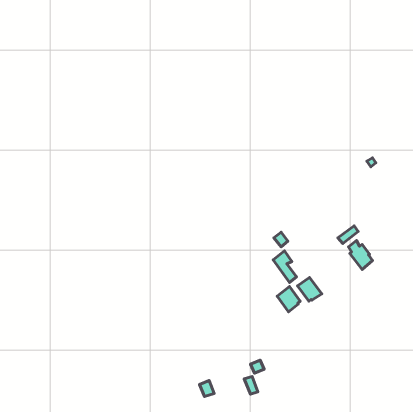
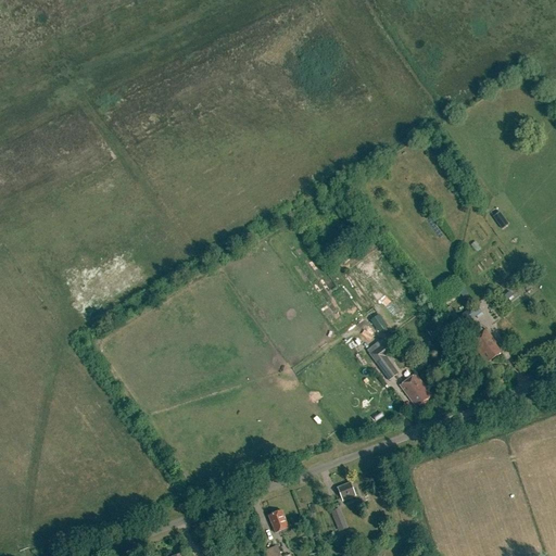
building: [277,287,300,312] -> none

